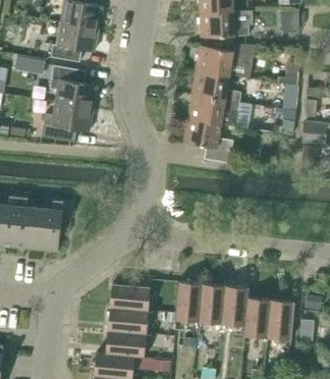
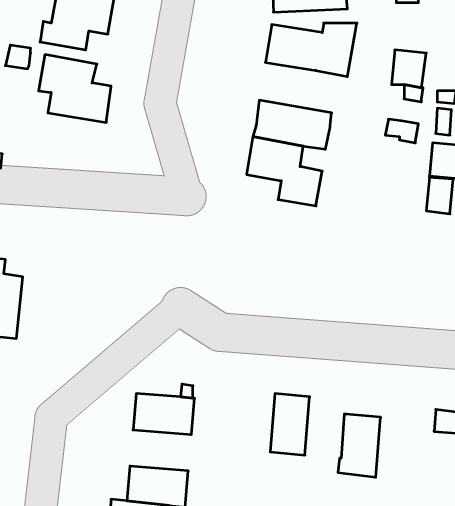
building: [191,70,240,103] -> none
building: [40,103,93,147] -> none
building: [35,201,71,252] -> none
building: [174,282,202,322] -> none
building: [221,286,249,326] -> none
building: [267,300,293,340] -> none
building: [108,308,148,334] -> none

